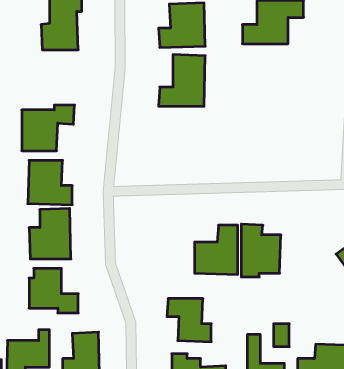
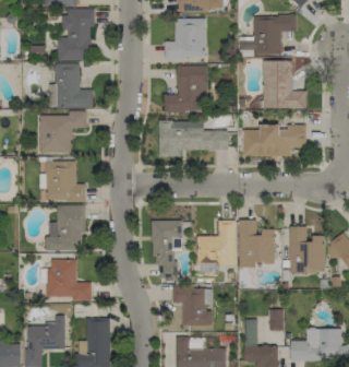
building: none -> [262,60,306,109]
building: none -> [48,63,93,107]
building: none -> [158,120,228,156]
building: none -> [242,123,306,156]
building: none -> [153,220,182,277]
building: none -> [289,225,325,273]

